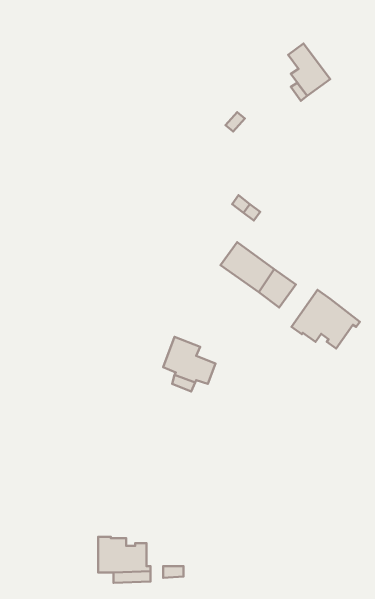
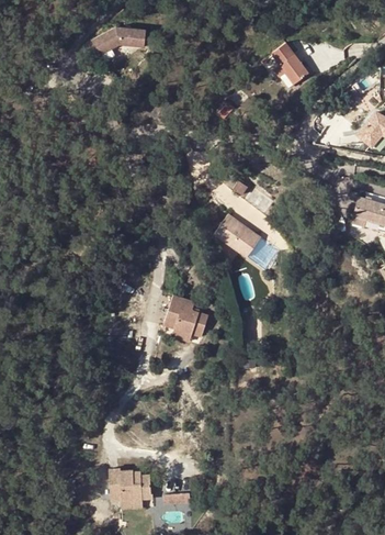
building: none -> [92,26,147,55]
building: [291,290,360,348] -> none

